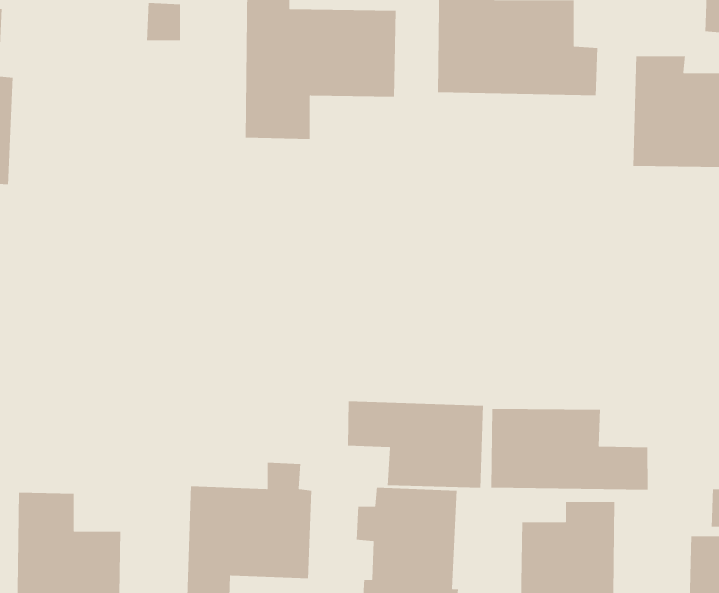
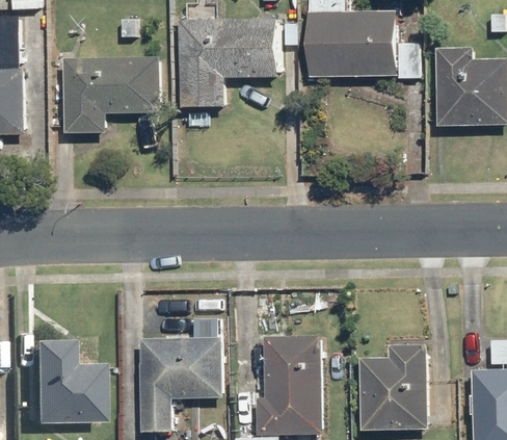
building: none -> [47,55,162,134]
building: [347,401,484,489] -> none
building: [490,408,649,491] -> none

